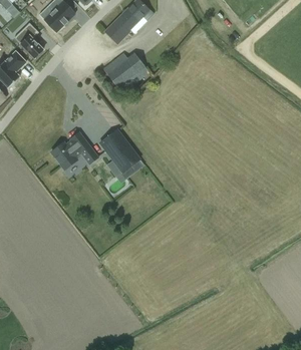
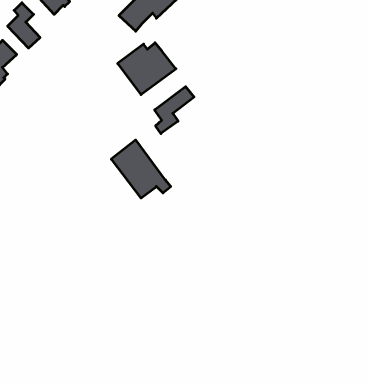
building: none -> [155,87,194,134]
building: [51,131,98,169] -> none

